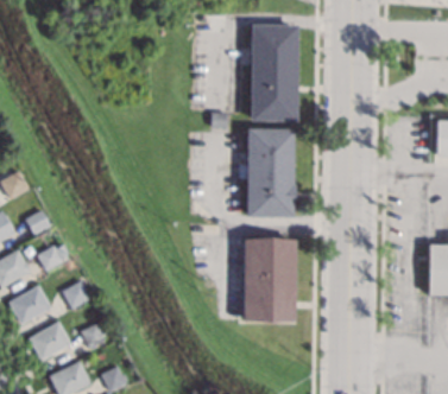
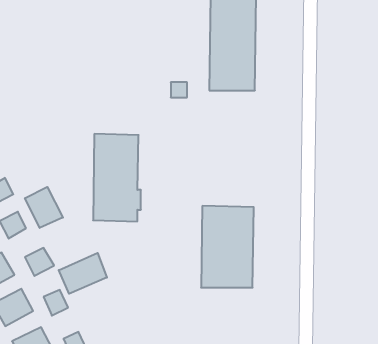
building: [247,128,296,217] -> [93,134,141,221]
building: none -> [25,187,63,228]
building: none -> [59,253,107,294]

